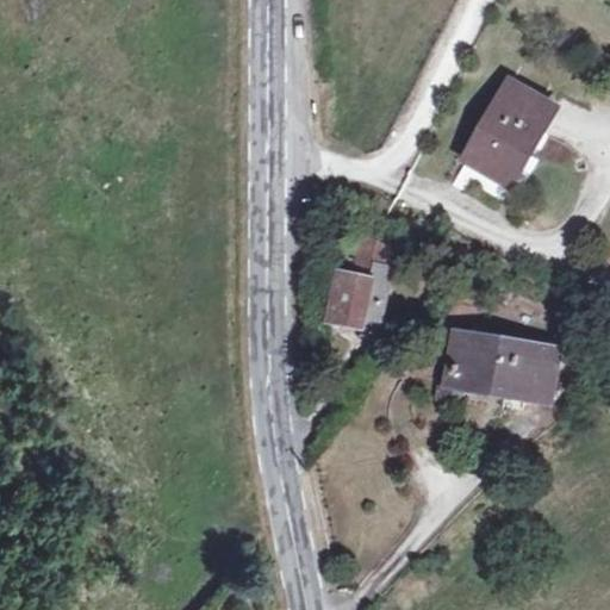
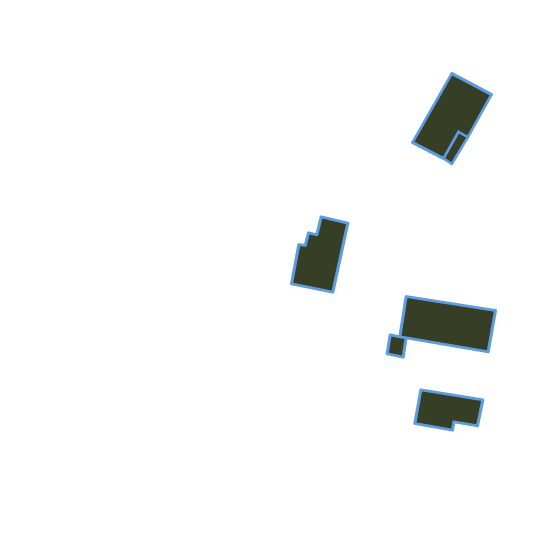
building: none -> [415,390,483,430]

